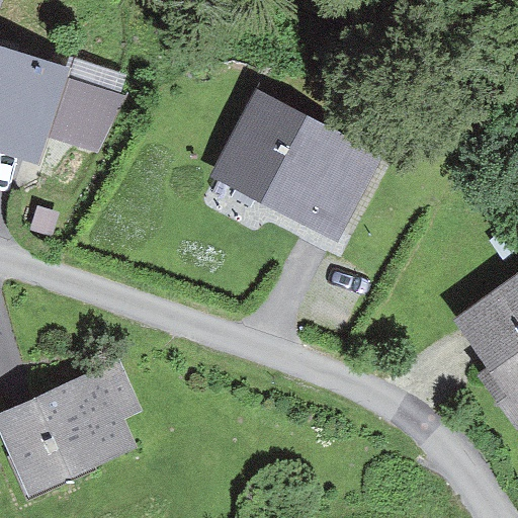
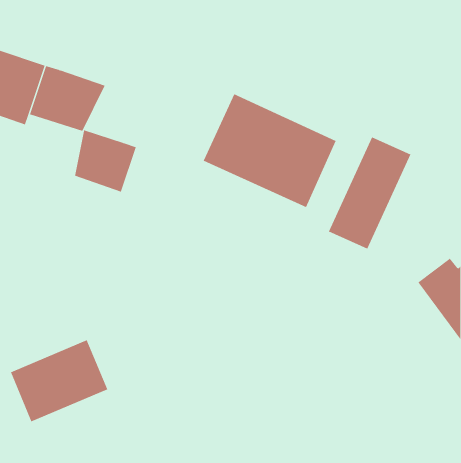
building: none -> [75,130,136,192]
building: none -> [328,136,411,249]

